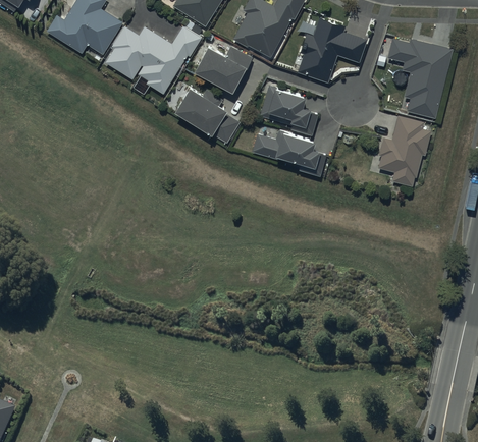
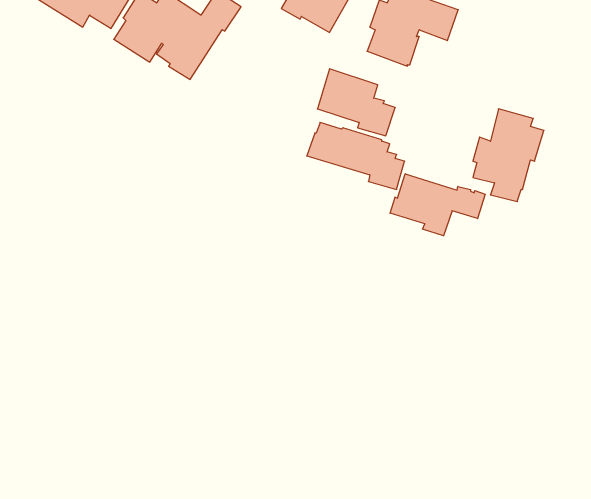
building: [386,38,452,118] -> none
building: [193,46,251,92] -> none
building: [173,87,240,143] -> none
building: none -> [390,174,485,236]

